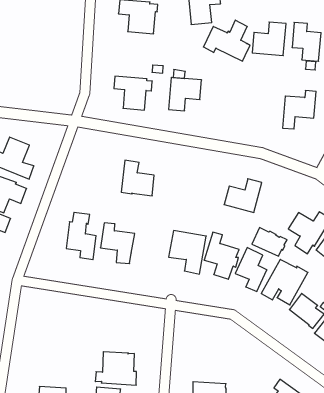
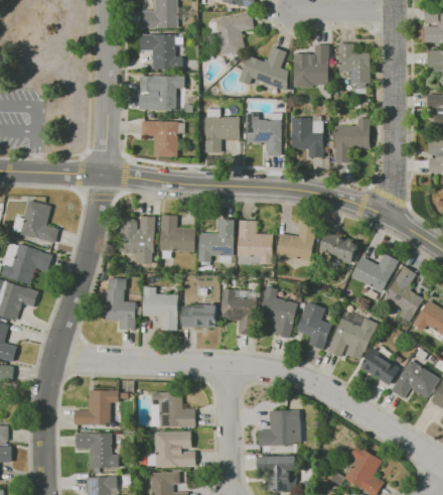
building: none -> [140,76,184,111]
building: none -> [247,113,281,155]
building: none -> [292,116,322,156]
building: none -> [119,215,155,256]
building: none -> [199,219,235,261]
building: none -> [238,220,273,264]
building: [252,228,287,256] -> [318,233,357,263]
building: none -> [181,303,216,328]
building: none -> [75,389,120,425]
building: none -> [151,391,195,427]
building: none -> [258,410,299,446]
building: none -> [76,432,120,467]

